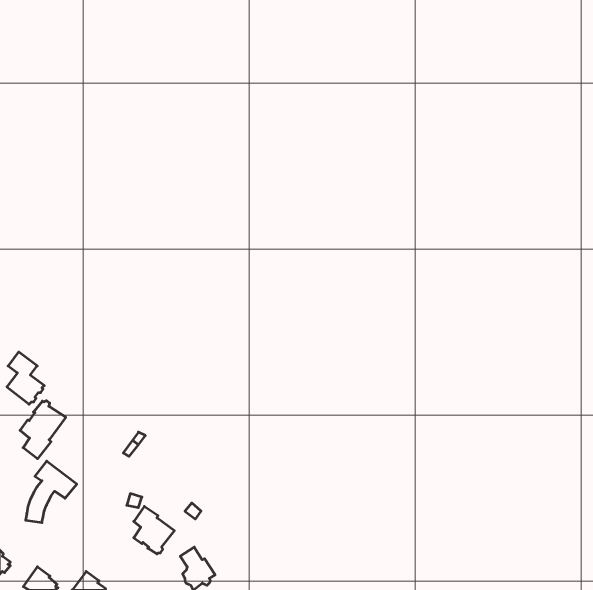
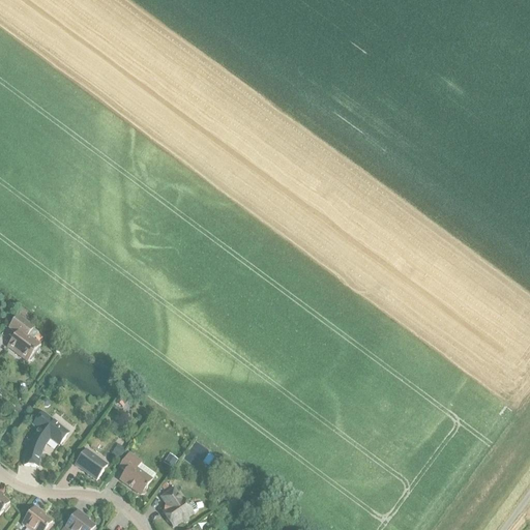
building: [20,401,66,459] -> none
building: none -> [73,448,107,479]

